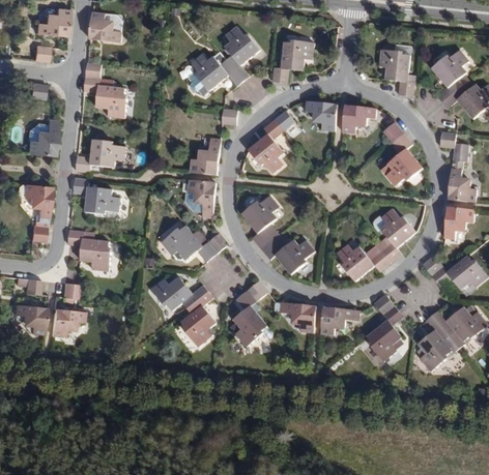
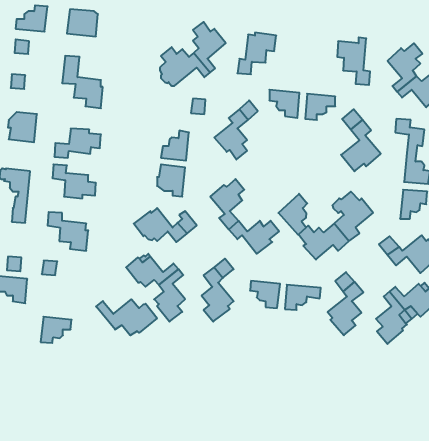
building: none -> [278,194,307,235]
building: [51,301,84,329] -> [41,317,72,343]
building: none -> [96,299,157,335]

